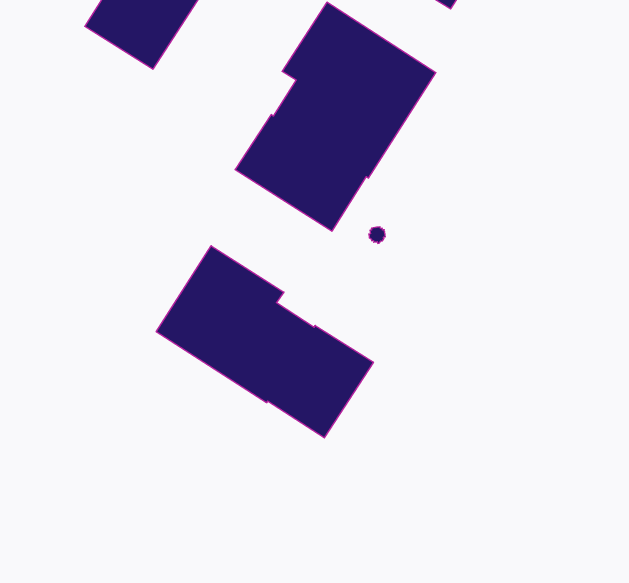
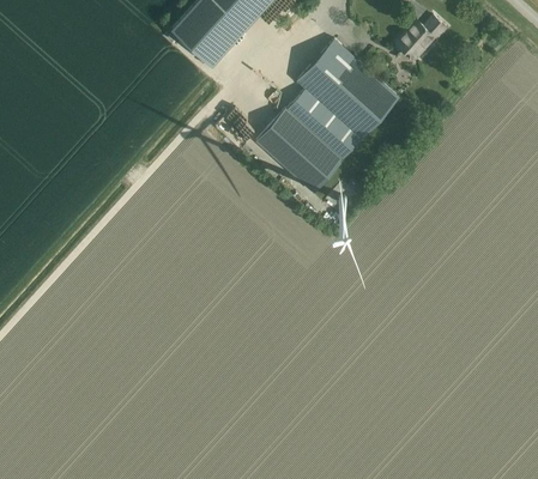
building: [156,246,373,438] -> none

